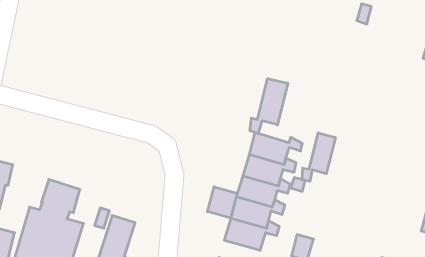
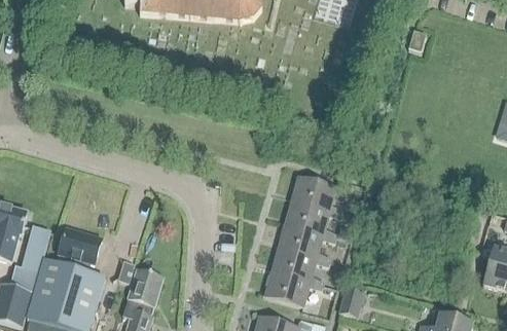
building: [250,79,288,134] -> none
building: [302,133,335,181] -> none
building: none -> [22,221,48,266]
building: [207,187,237,218] -> none

